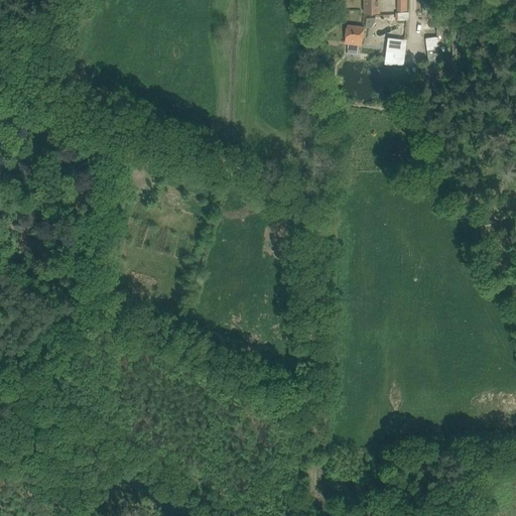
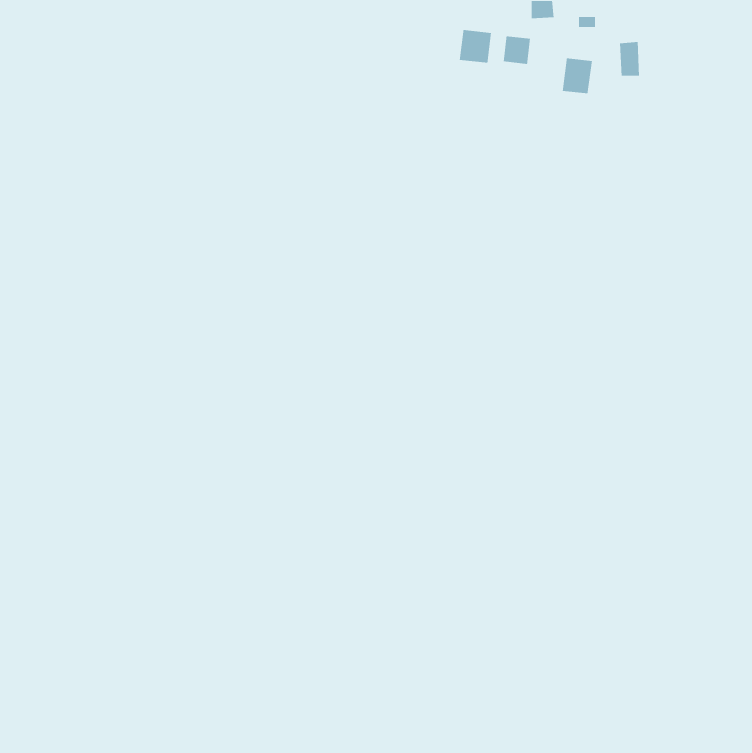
building: none -> [459,29,492,64]

